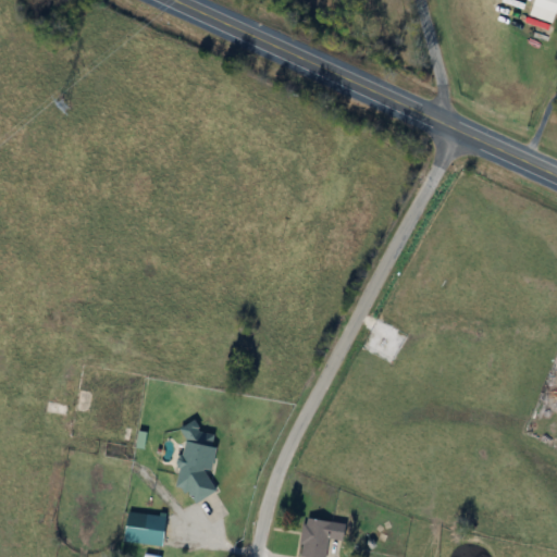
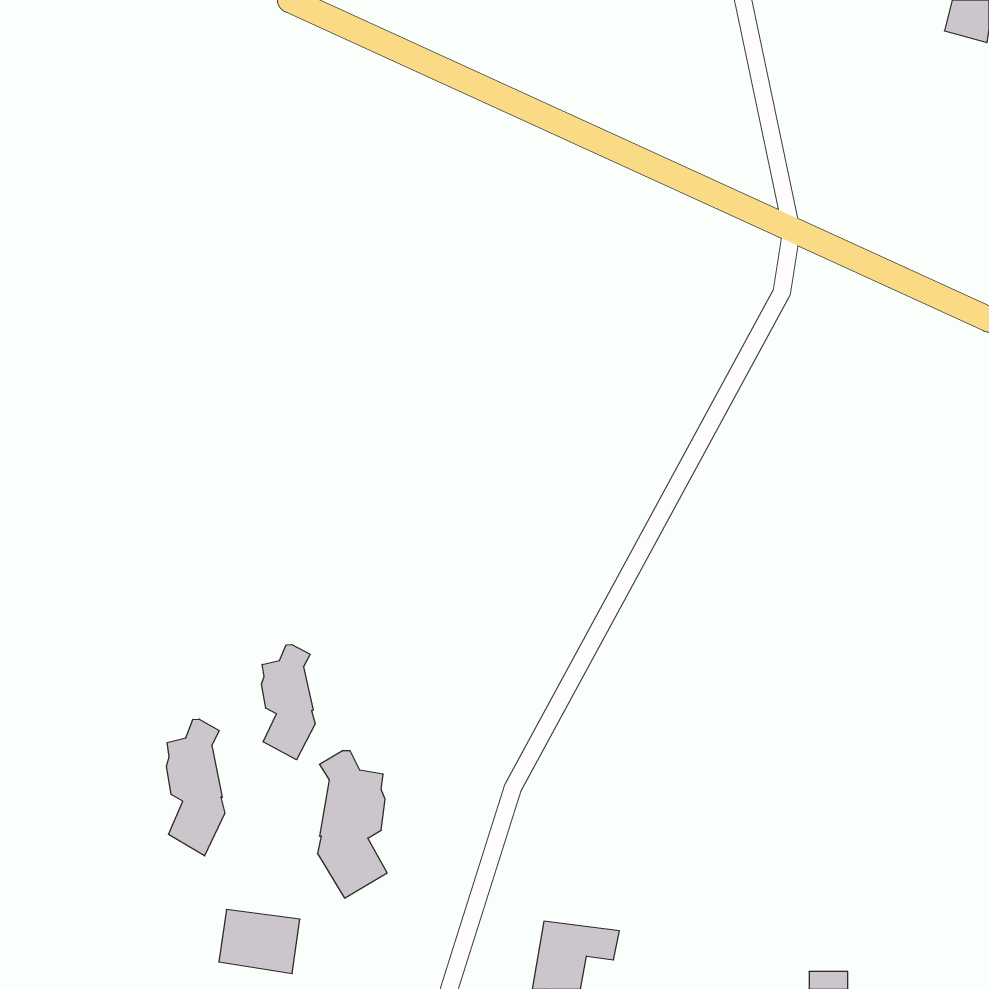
building: none -> [262,645,315,760]
building: none -> [167,719,225,856]

